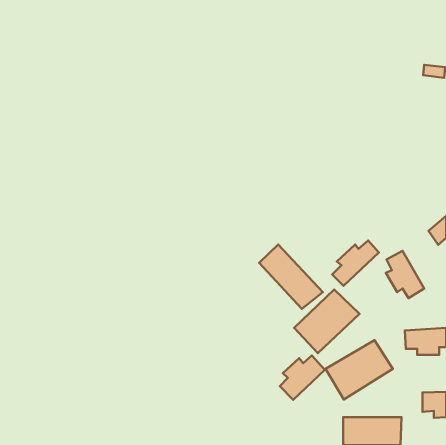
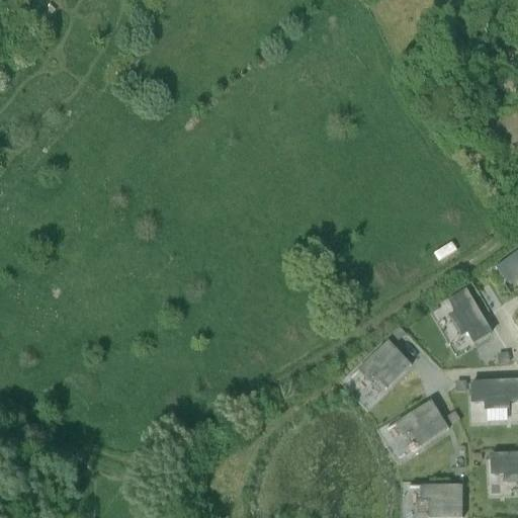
building: [332,240,379,286] -> none
building: [259,245,323,309] -> none
building: [280,356,325,400] -> none

